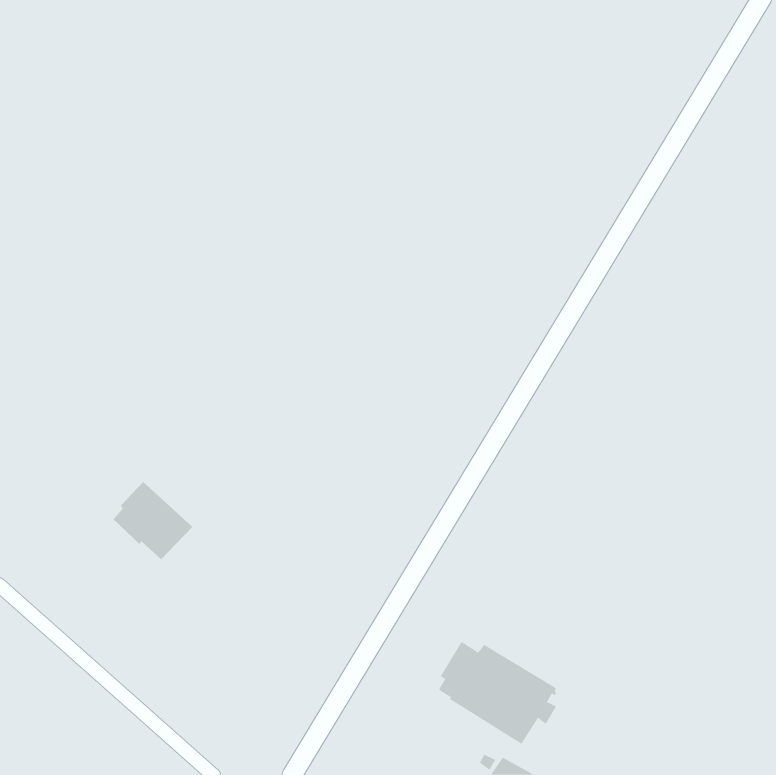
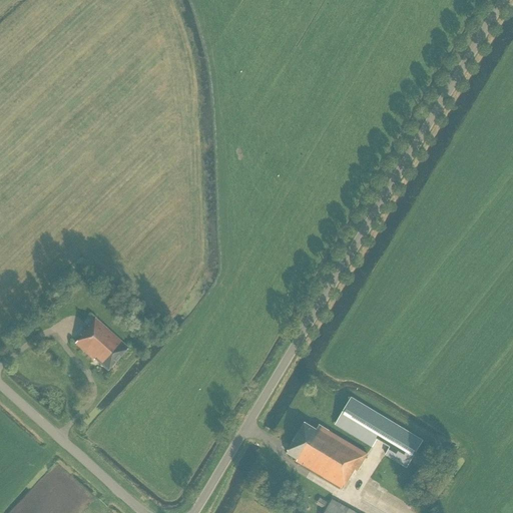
building: none -> [335,397,422,466]

